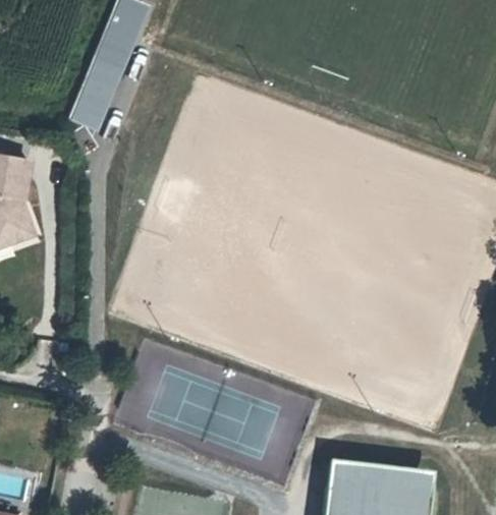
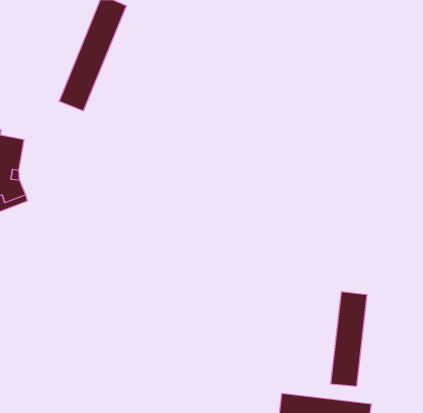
building: none -> [331,292,367,386]

